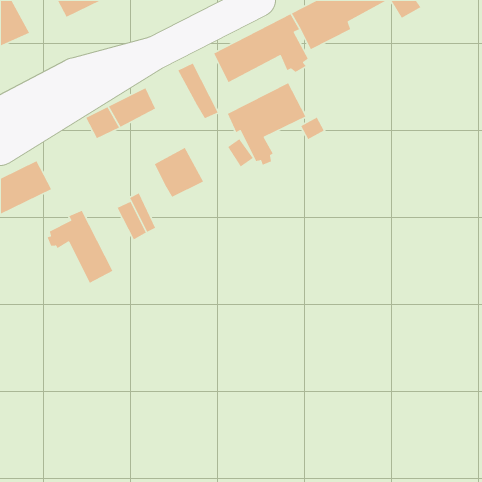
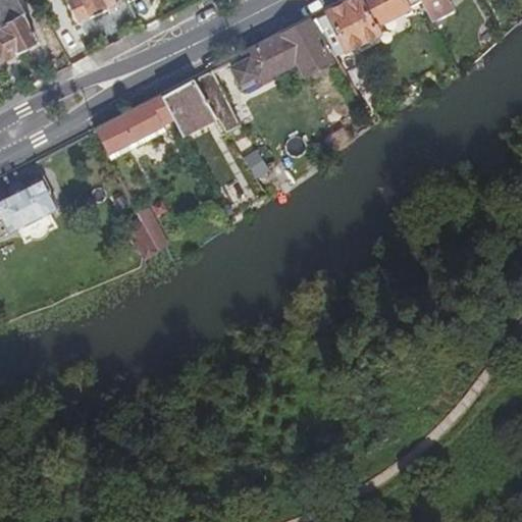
building: [227,82,307,166] -> none
building: [154,147,204,198] -> [159,77,213,133]
building: [46,210,114,284] -> none

